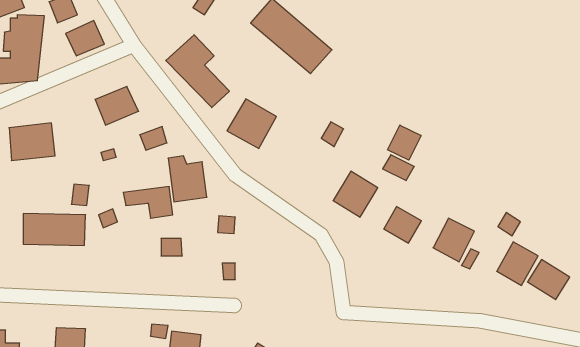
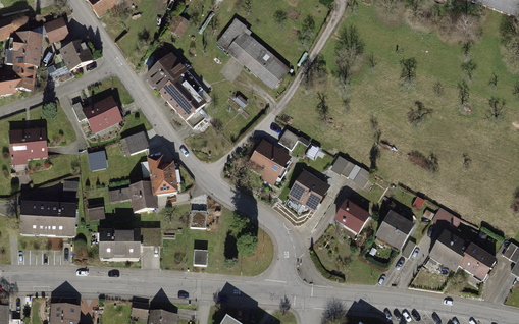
building: [227,99,276,148] -> [248,139,291,181]
building: [388,125,421,160] -> none
building: none -> [100,232,139,257]

